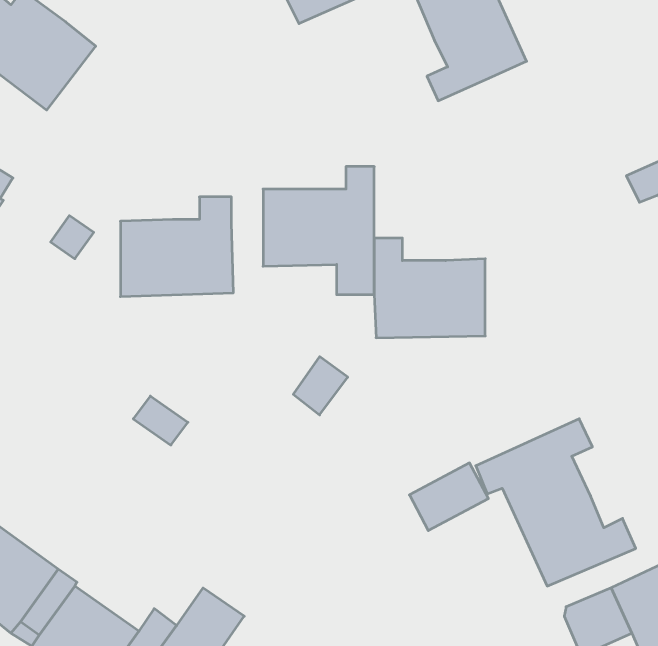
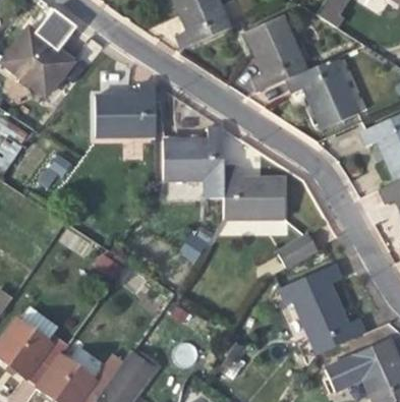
building: none -> [286,58,359,129]
building: [120,197,233,297] -> [96,83,157,137]
building: [409,463,488,531] -> [277,232,320,269]

